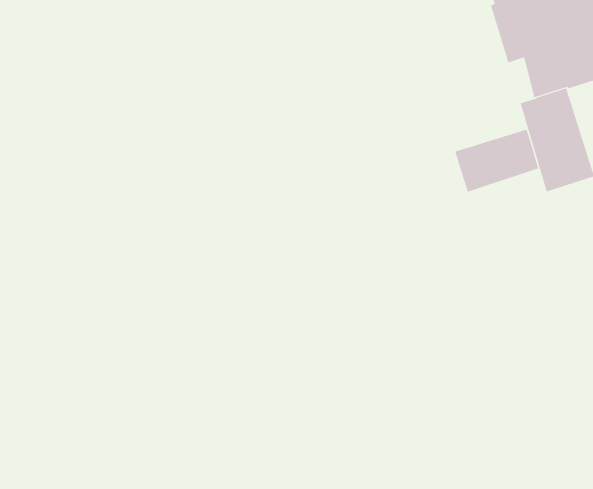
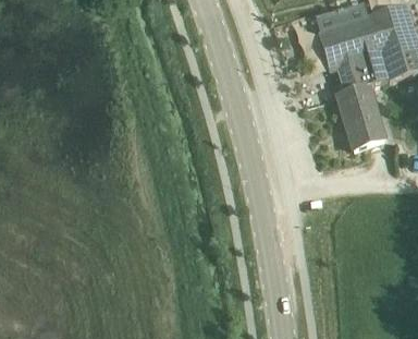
building: [455,128,539,193] -> none

